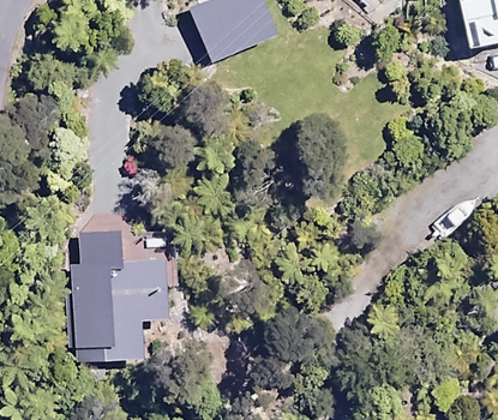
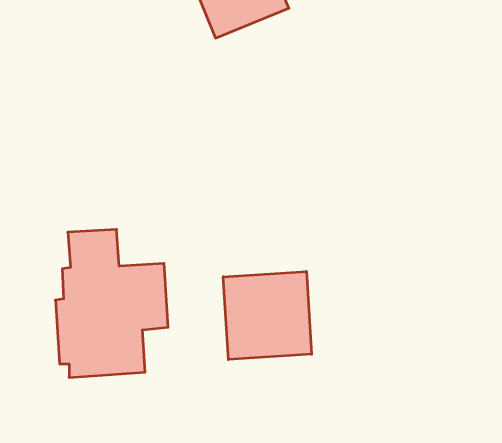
building: none -> [223,271,312,360]

